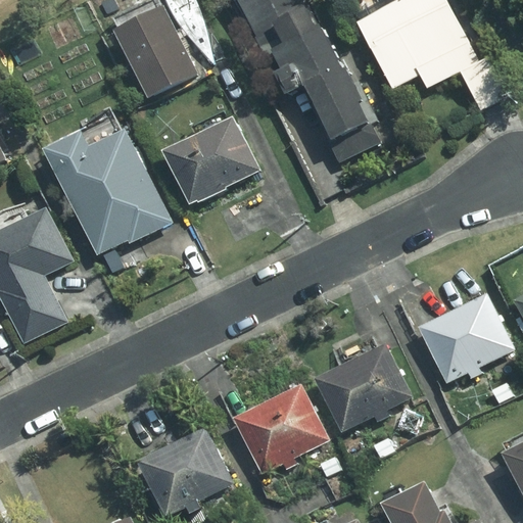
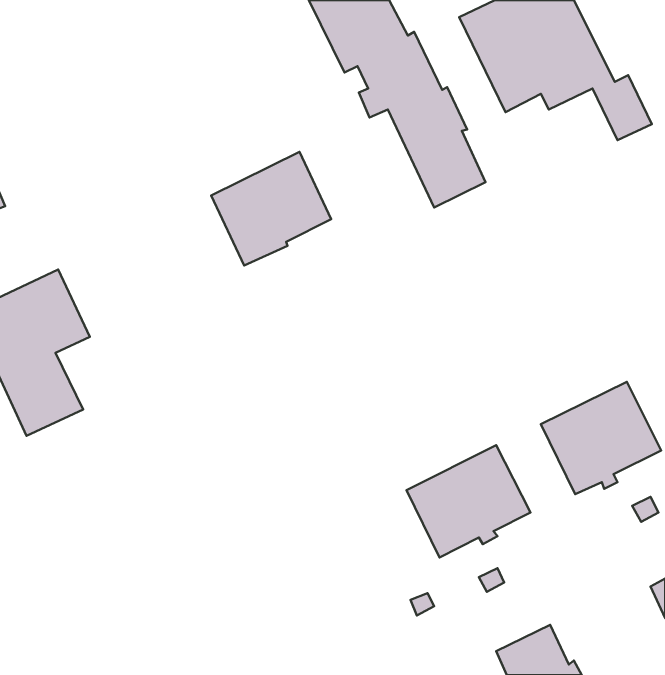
building: [115,6,196,96] -> none
building: [46,126,170,252] -> none
building: [234,386,327,473] -> none
building: [140,430,233,517] -> none

